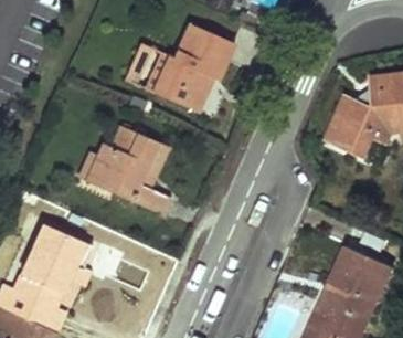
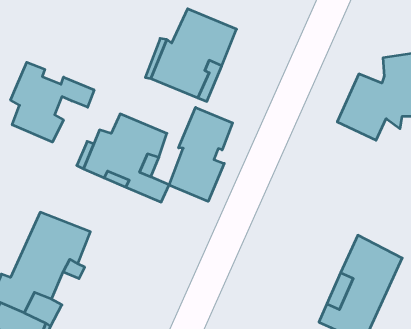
building: none -> [11,62,94,142]
building: none -> [169,107,233,201]

